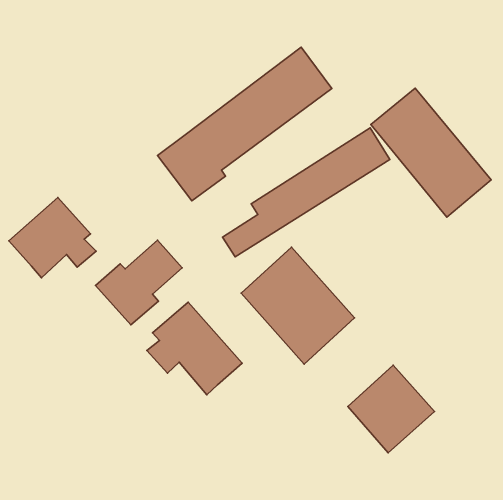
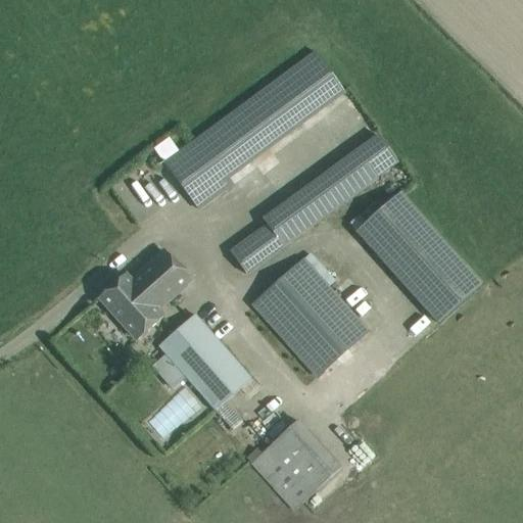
building: [371,88,491,217] -> [360,188,484,322]
building: [9,197,96,278] -> none
building: [348,365,434,453] -> [250,419,340,510]

